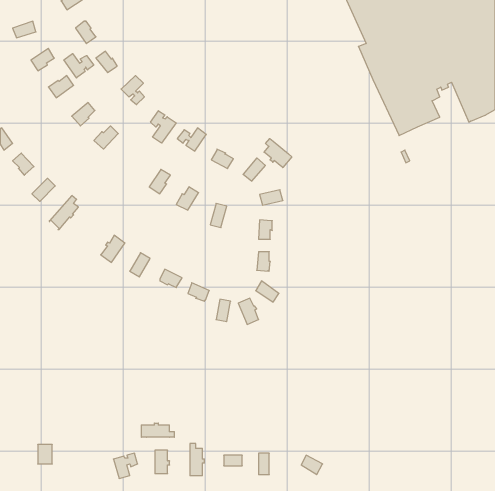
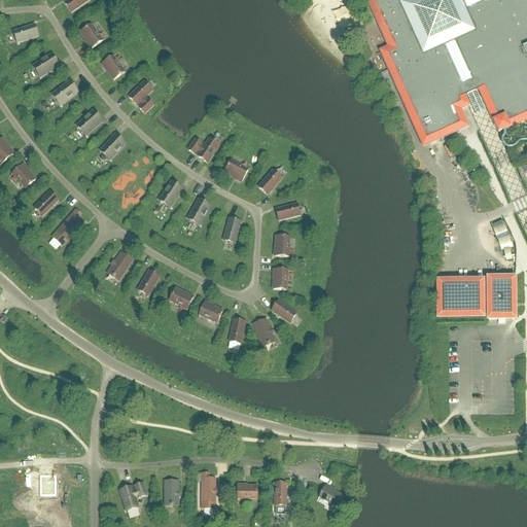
building: [64,54,94,78] -> none
building: [151,111,176,143] -> none
building: [264,139,292,168] -> none
building: none -> [438,277,515,317]
building: [141,423,174,437] -> none

